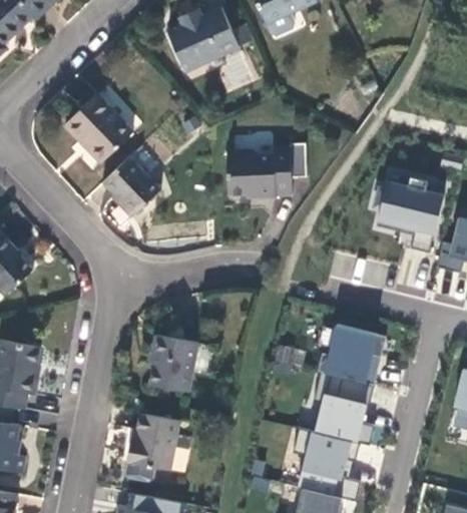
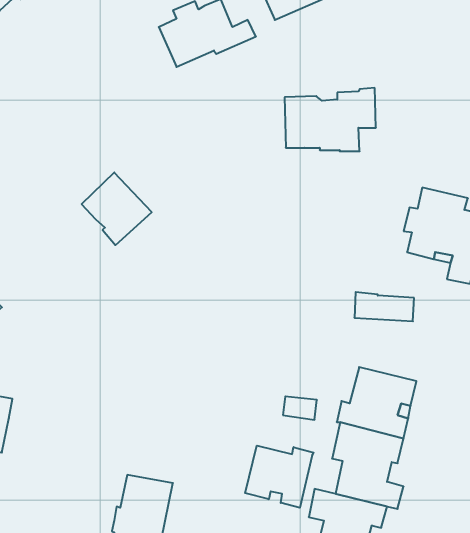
building: [64,95,131,163] -> none
building: [226,143,305,197] -> [285,88,376,151]
building: [148,337,195,393] -> none
building: none -> [245,446,314,508]

